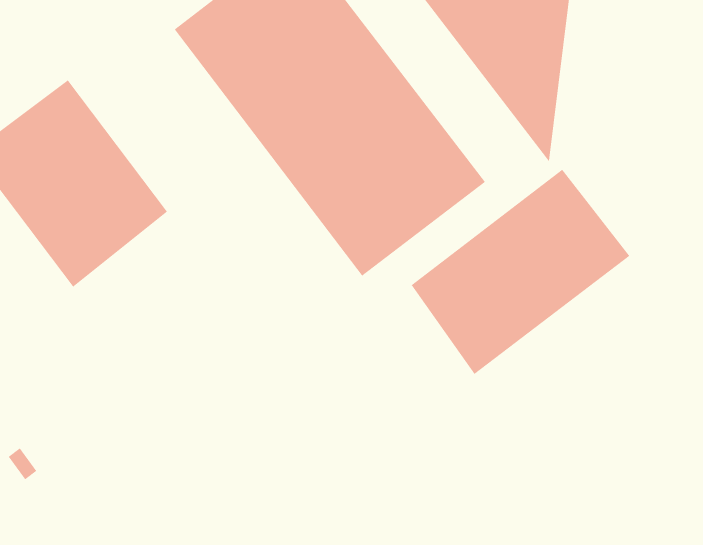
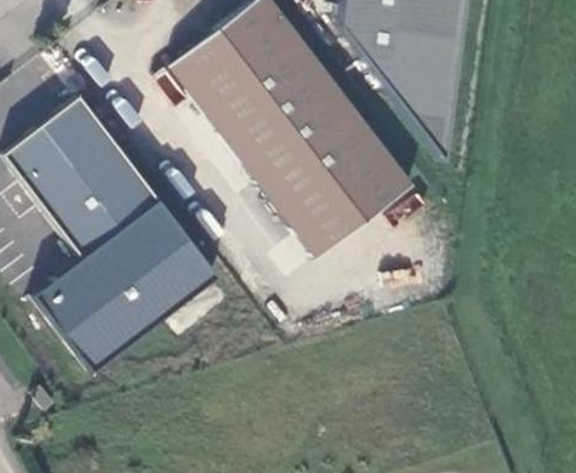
building: [411,169,630,375] -> none
building: none -> [33,199,218,374]

